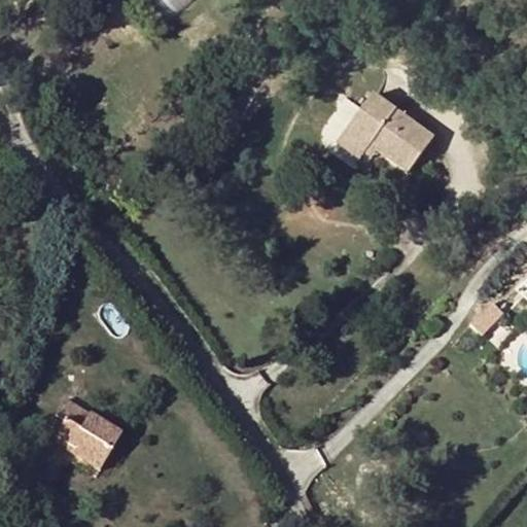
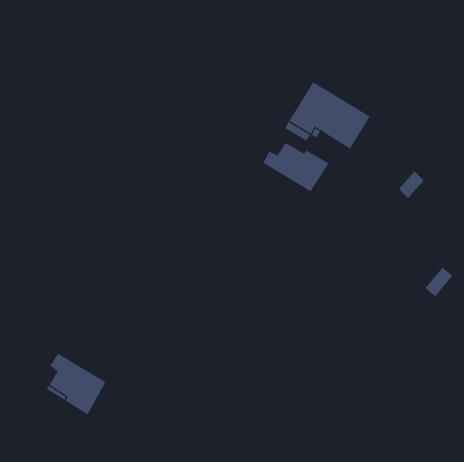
building: none -> [262,142,329,192]

